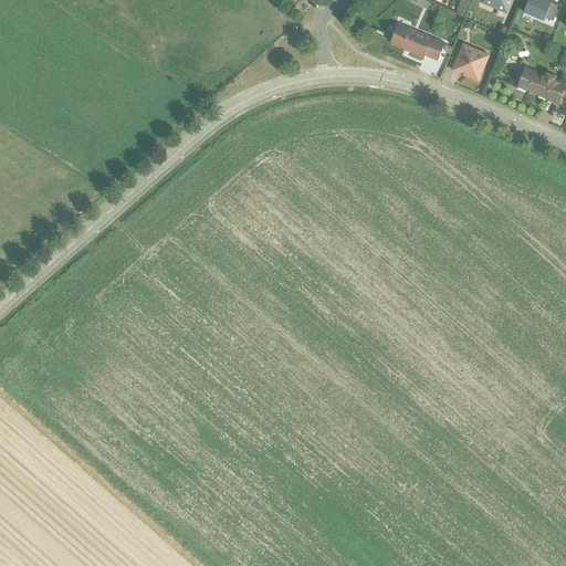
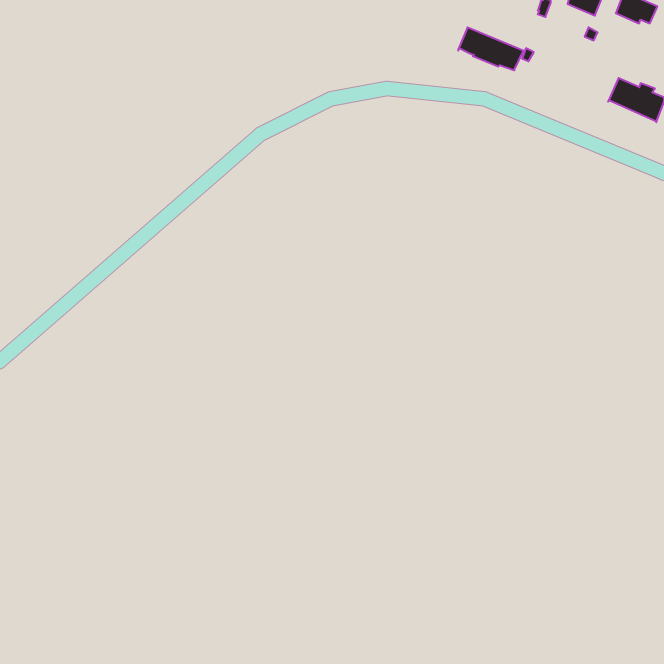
building: [452,43,488,80] -> none

